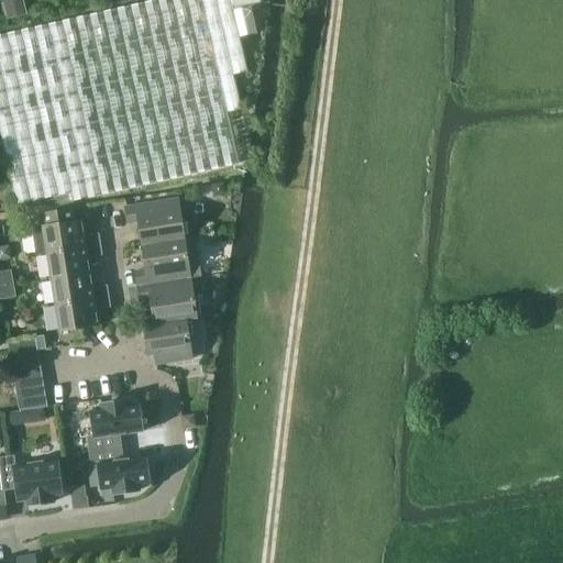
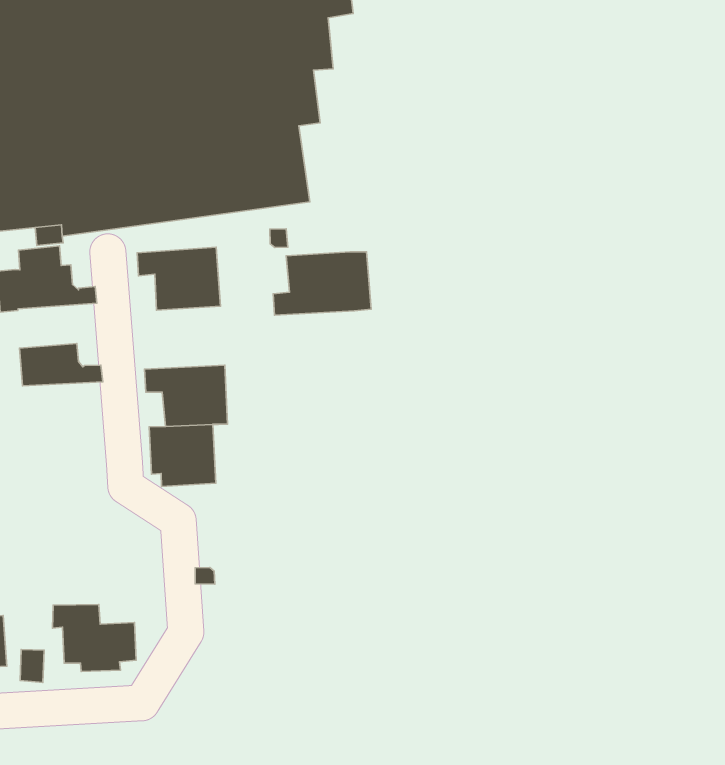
building: [134,236,201,285] -> [273,252,371,315]
building: [47,243,102,278] -> none
building: [55,296,110,330] -> none
building: [87,400,142,450] -> none

